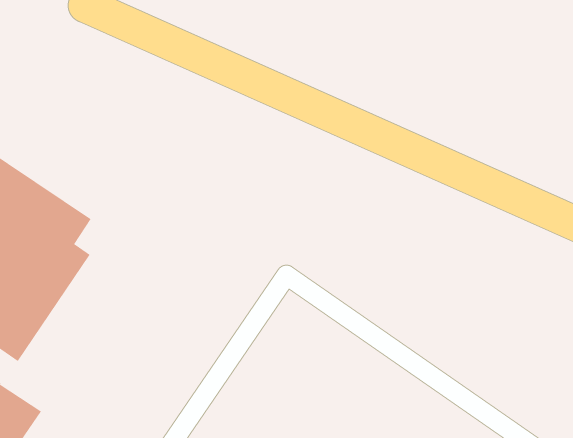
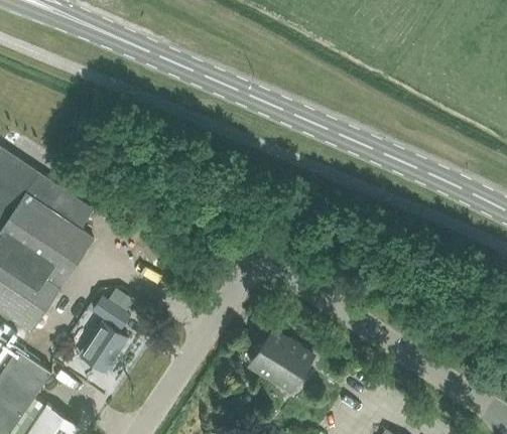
building: none -> [79,295,129,374]
building: none -> [250,330,313,392]

